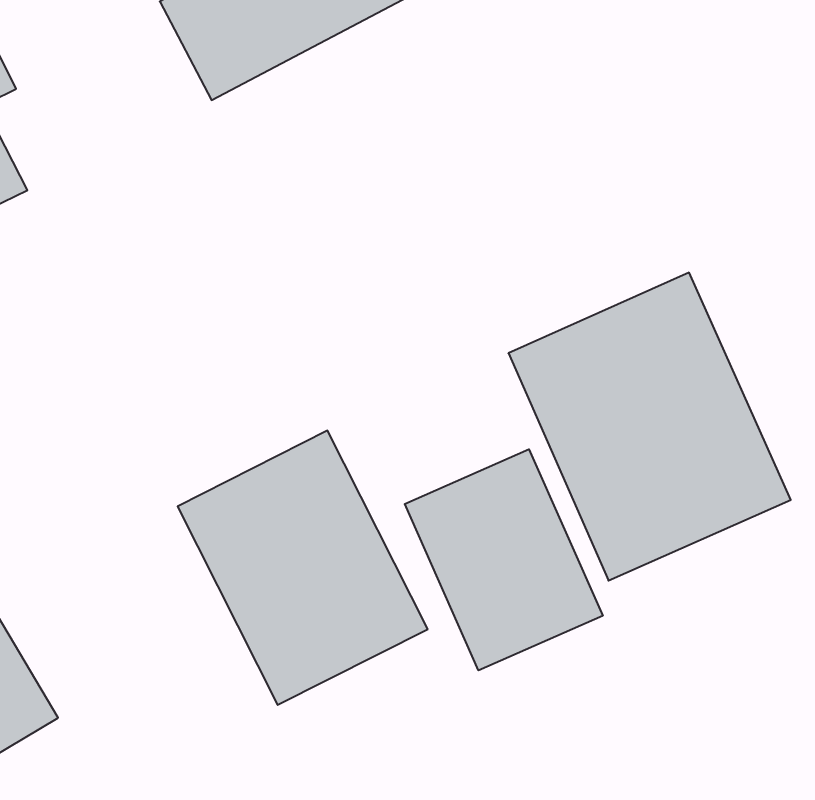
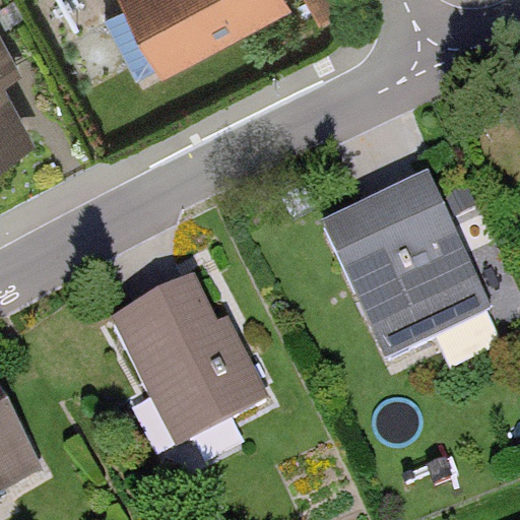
building: [405,449,603,670] -> none

